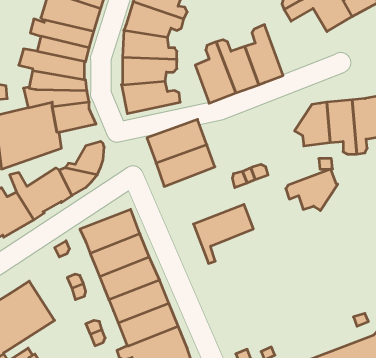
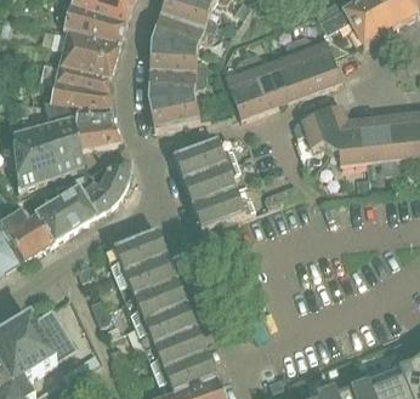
building: none -> [299,29,341,89]
building: [286,169,338,211] -> [294,103,348,147]
building: [193,204,253,263] -> [193,184,256,246]

